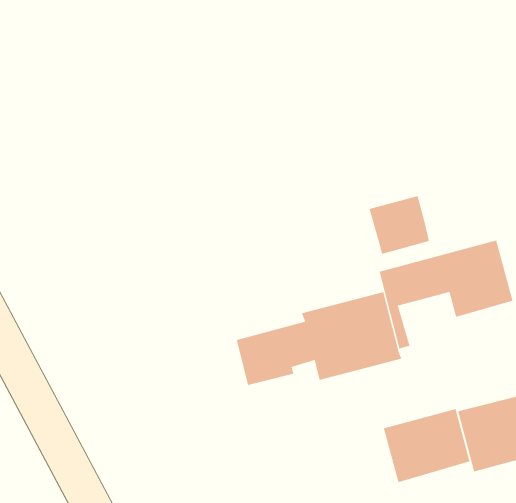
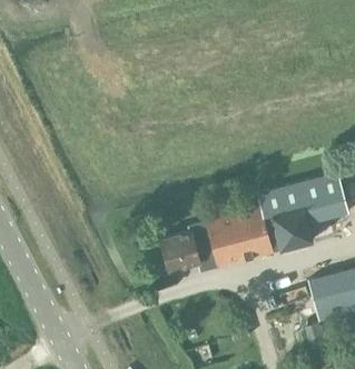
building: [368,195,430,255] -> [272,208,313,248]
building: [383,408,470,483] -> none

